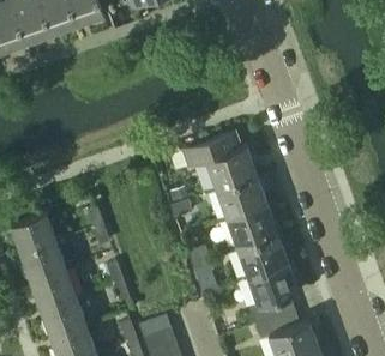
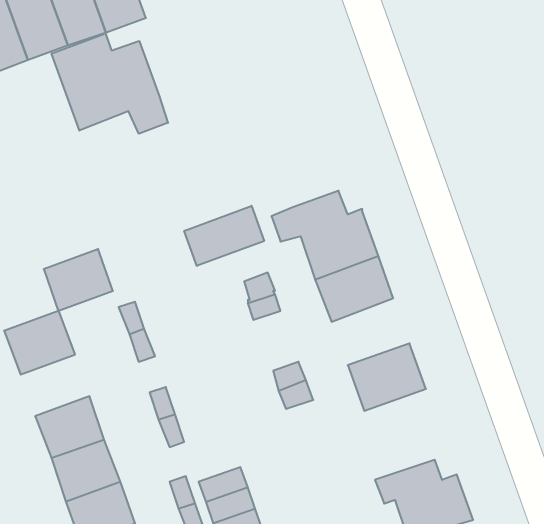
building: none -> [52,33,168,134]
building: none -> [184,206,264,266]
building: [225,204,277,248] -> none
building: [20,241,66,282] -> [44,249,113,311]
building: [247,264,299,324] -> none

